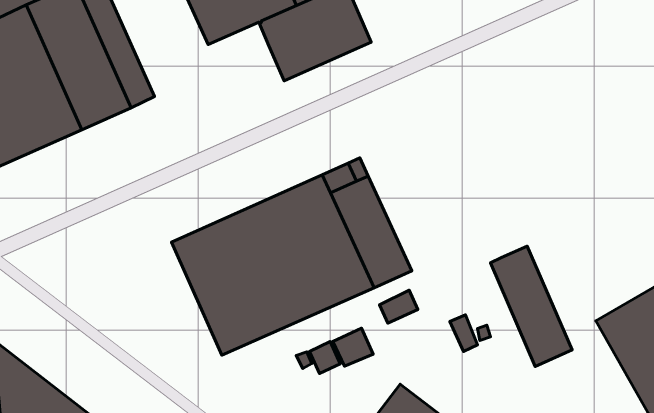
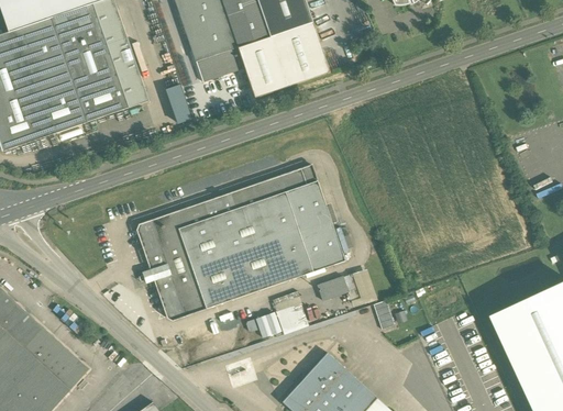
building: none -> [196,47,245,81]
building: none -> [166,84,190,123]
building: none -> [136,220,185,320]
building: [490,246,572,366] -> none

